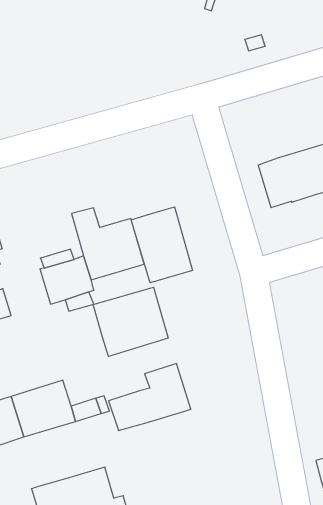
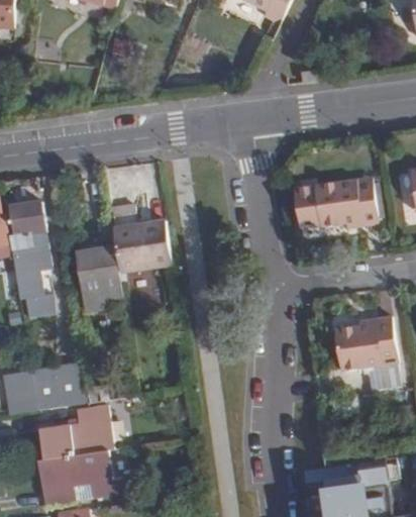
building: [131,207,192,283] -> none
building: [93,287,168,356] -> none
building: [109,364,191,431] -> [37,405,113,459]

